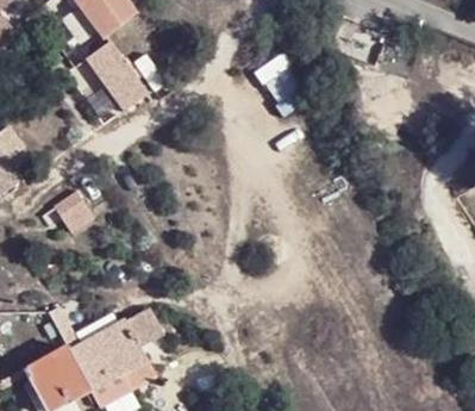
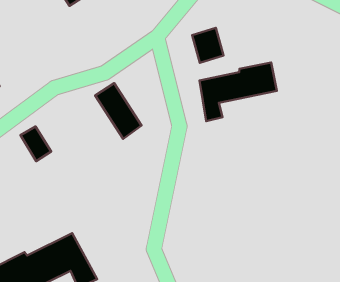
building: [87,44,146,112] -> [95,83,141,139]
building: none -> [200,63,277,121]

